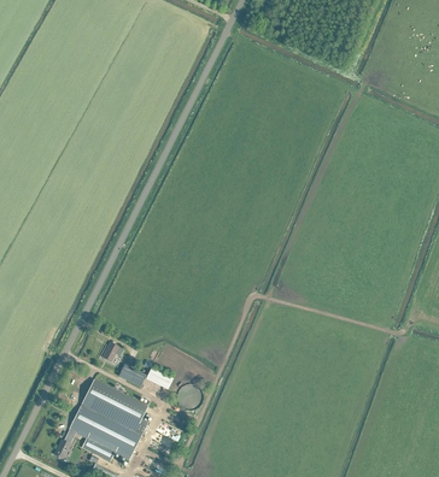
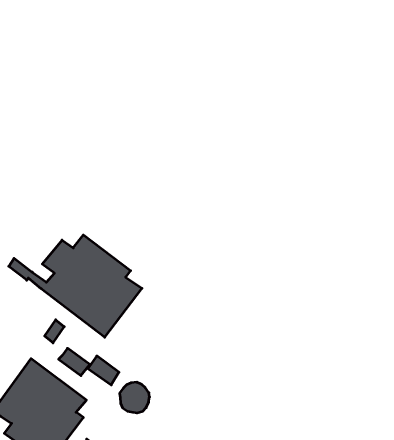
building: none -> [9,235,142,337]

